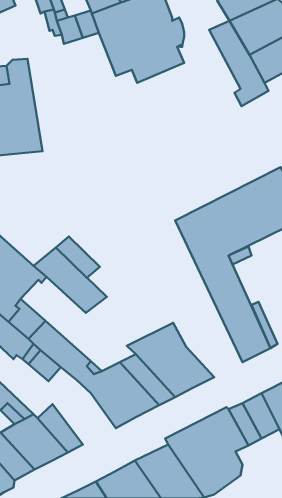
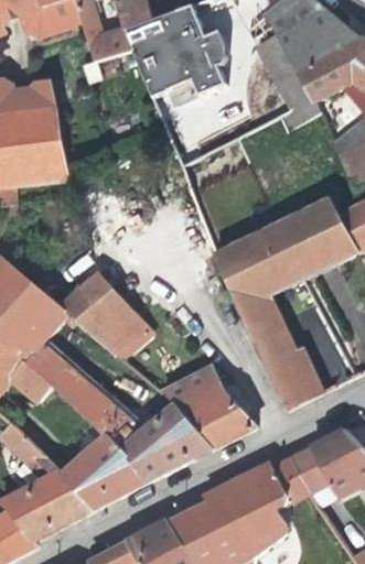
building: none -> [79,431,149,501]

